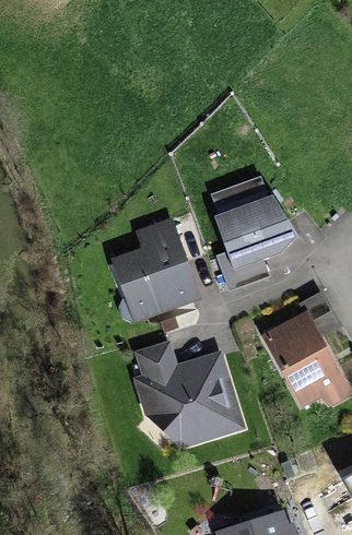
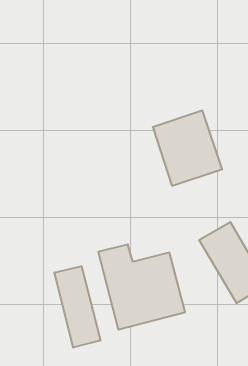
building: [115,213,203,321] -> none
building: none -> [54,266,100,348]

